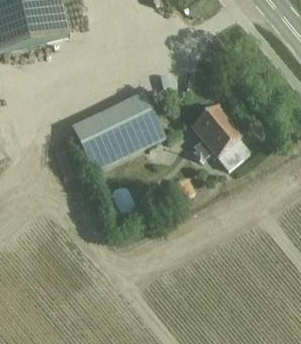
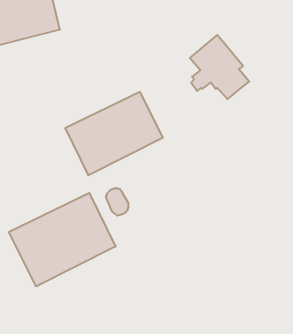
building: [193,102,250,164] -> [190,35,249,99]
building: none -> [9,193,116,286]

